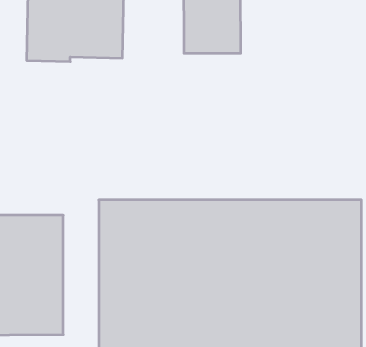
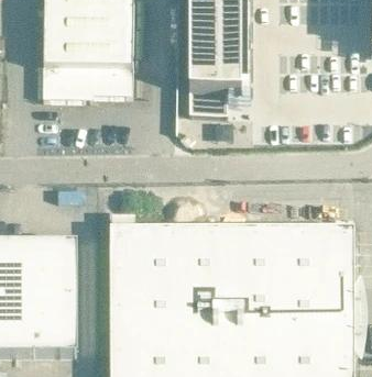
building: none -> [188,88,227,110]

